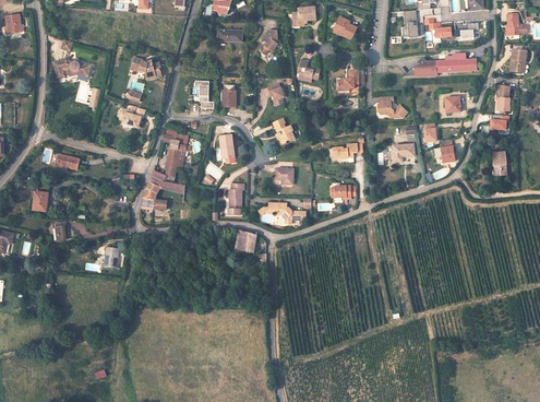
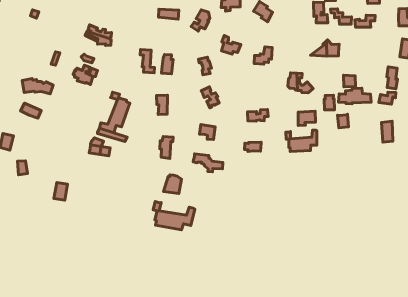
building: [436,51,476,71] -> [339,88,371,104]
building: [52,59,91,76] -> [22,78,53,94]
building: none -> [286,130,317,151]
building: none -> [153,202,195,230]

